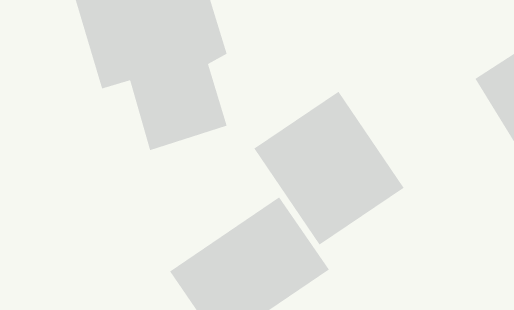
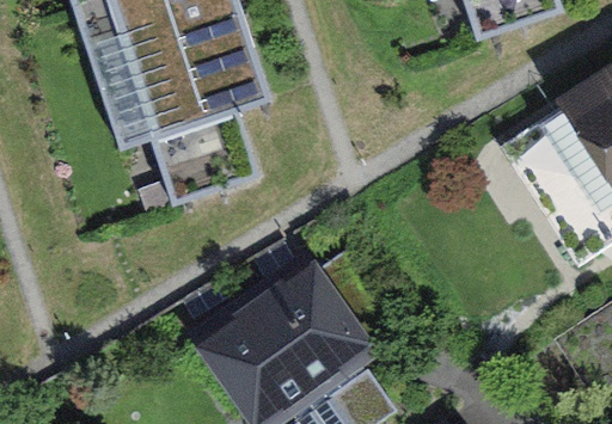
building: [253,91,404,245] -> none

